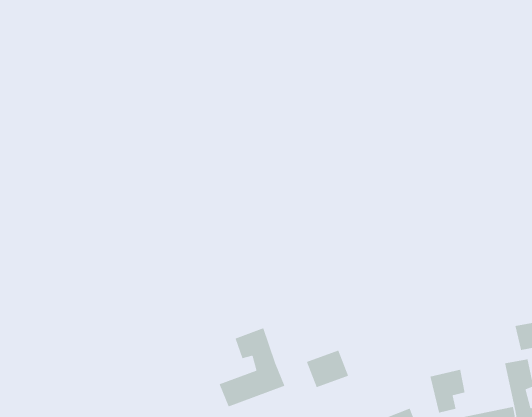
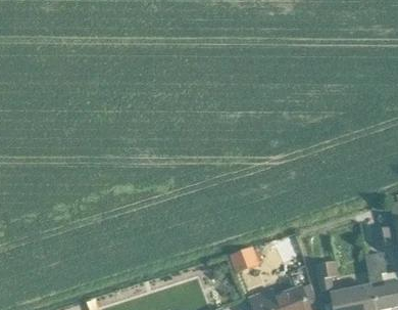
building: [219,327,285,407] -> none

